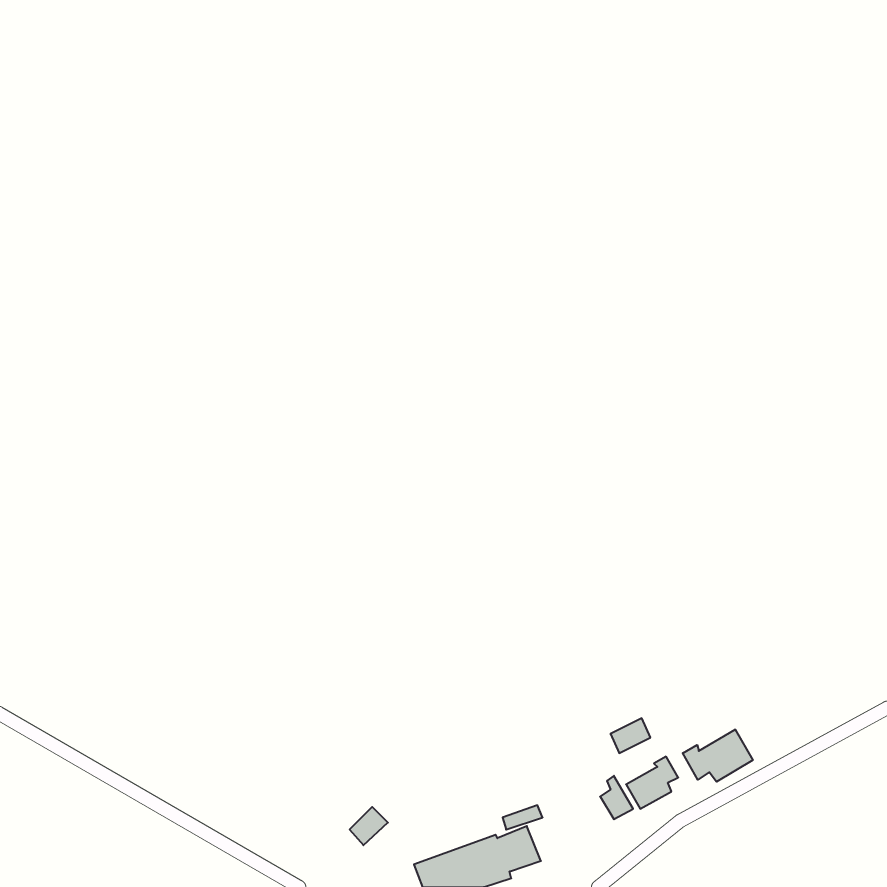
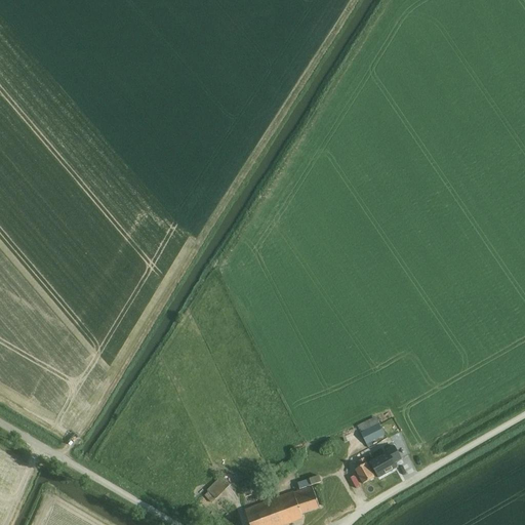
building: [683,729,753,782] -> none

